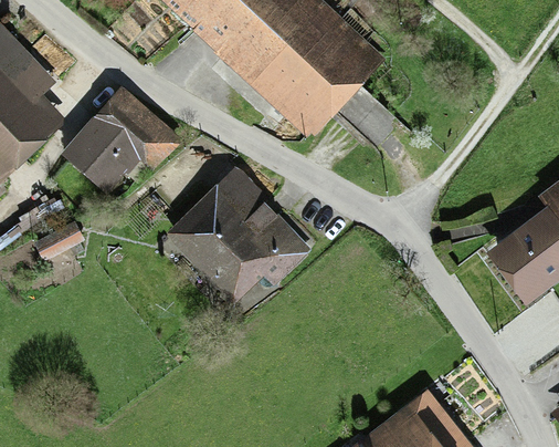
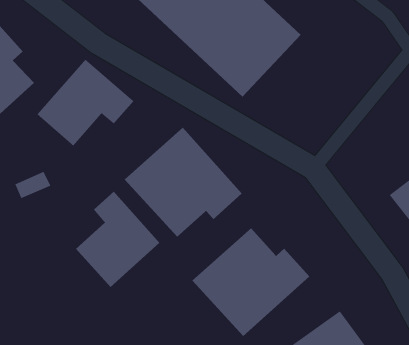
building: none -> [75,191,160,288]
building: none -> [191,228,310,337]

